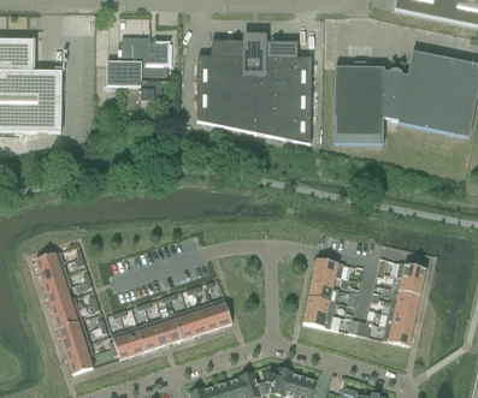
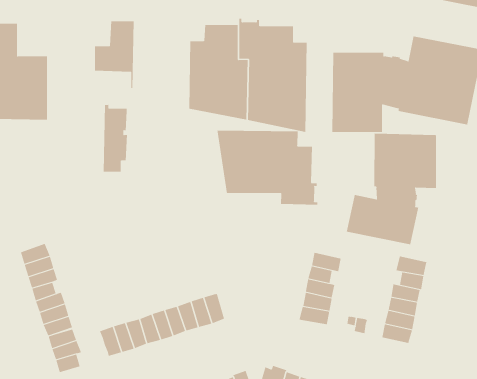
building: [143,32,167,101] -> [103,101,128,172]
building: none -> [217,130,318,206]
building: none -> [346,133,437,245]

